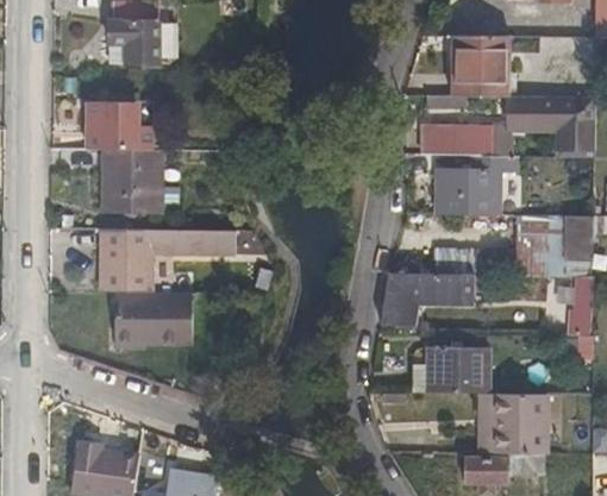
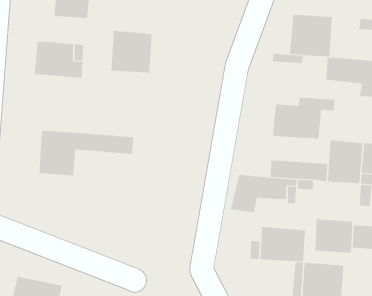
building: [426,126,506,157] -> none
building: [104,149,161,207] -> [111,30,153,73]
building: [114,290,193,339] -> none
building: none -> [315,219,353,254]

